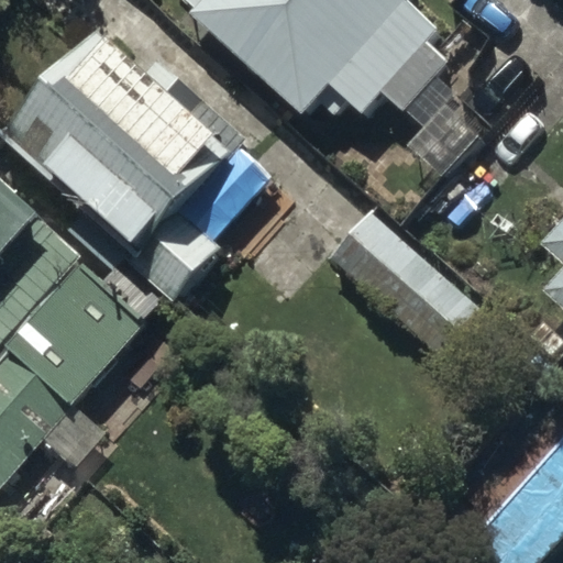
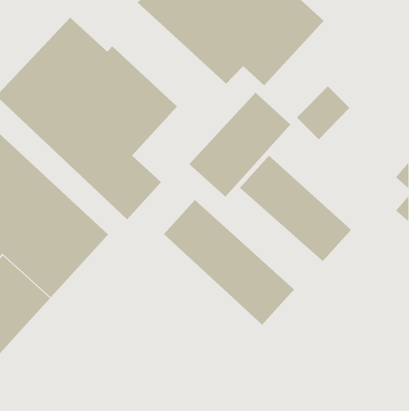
building: none -> [189,92,291,198]
building: none -> [163,199,295,325]

